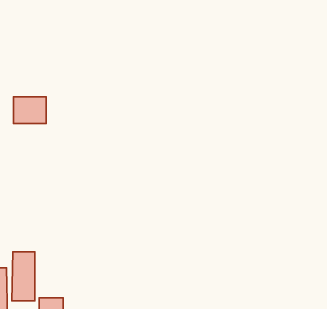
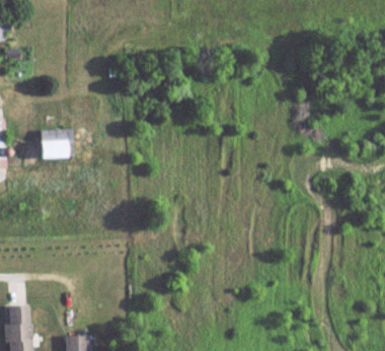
building: [12,252,35,301] -> none

